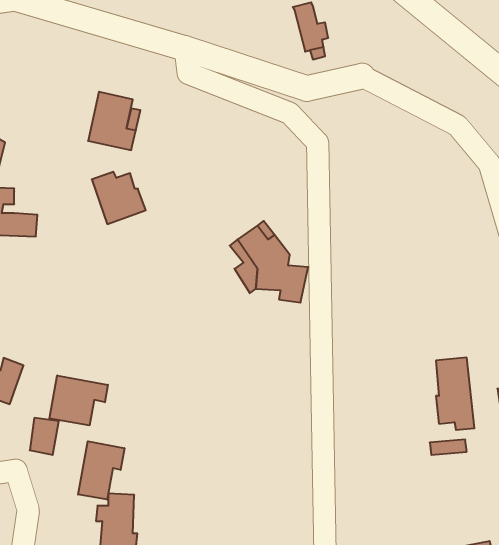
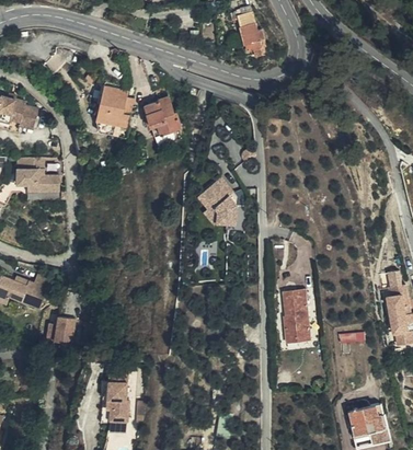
building: [92,172,146,224] -> [144,100,182,137]
building: [436,358,474,430] -> [282,293,309,345]
building: [49,375,108,425] -> none
building: [78,441,124,500] -> none

